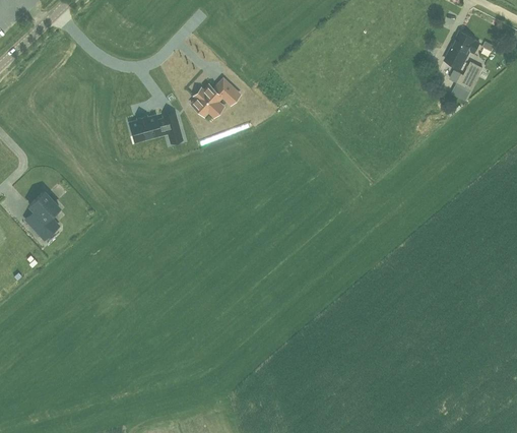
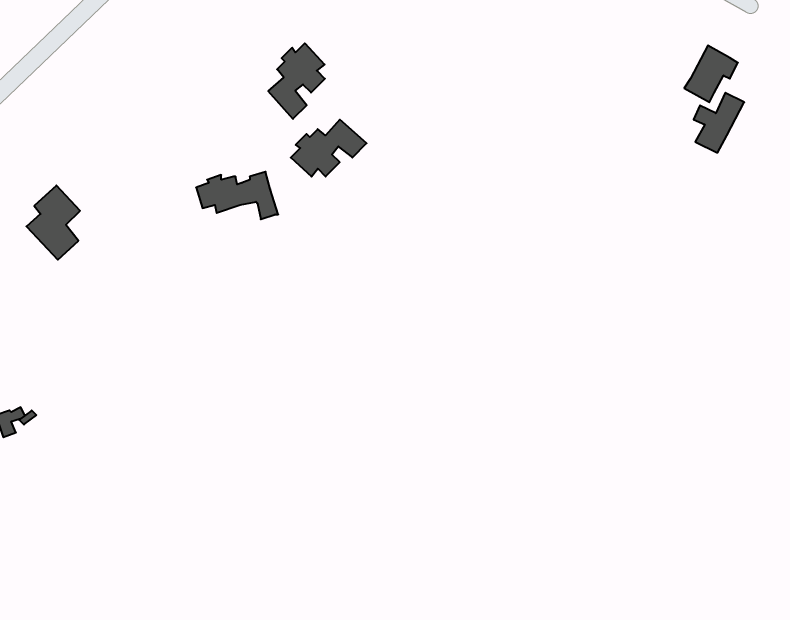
building: none -> [268,43,325,119]
building: [24,191,59,239] -> [26,185,80,260]

